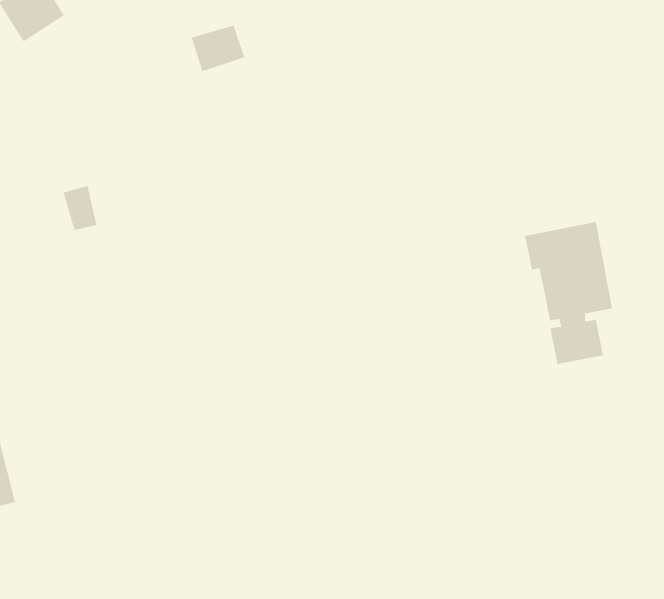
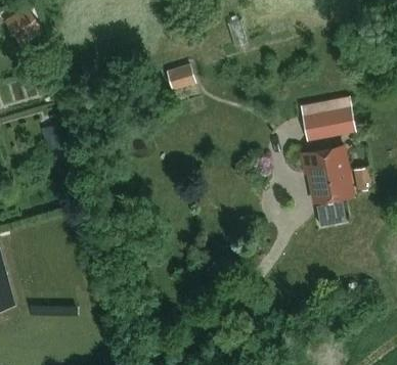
building: [191,25,245,72] -> [165,63,195,90]
building: none -> [302,106,355,139]

